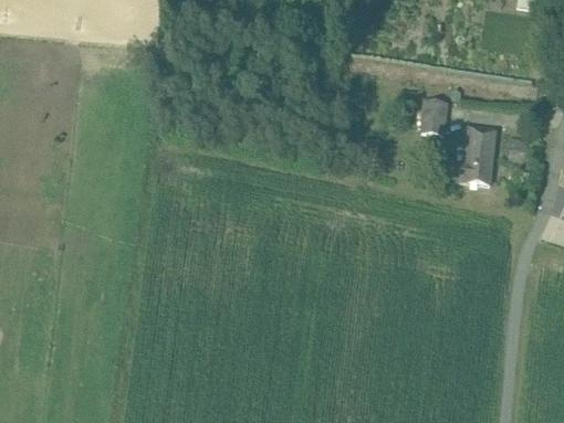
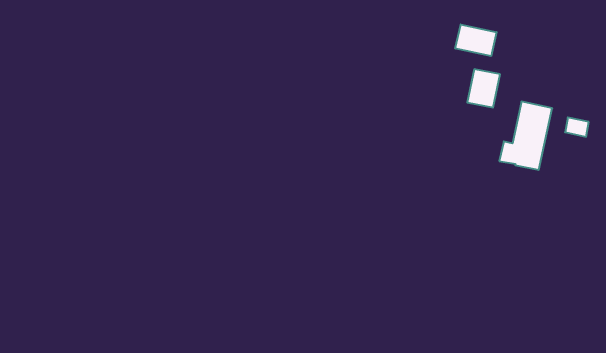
building: none -> [455,24,497,56]

